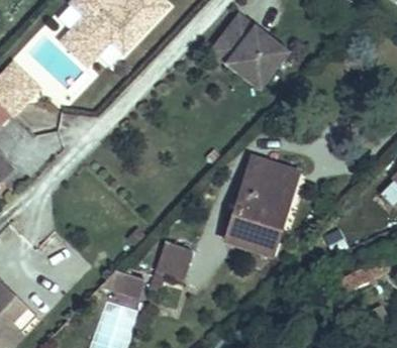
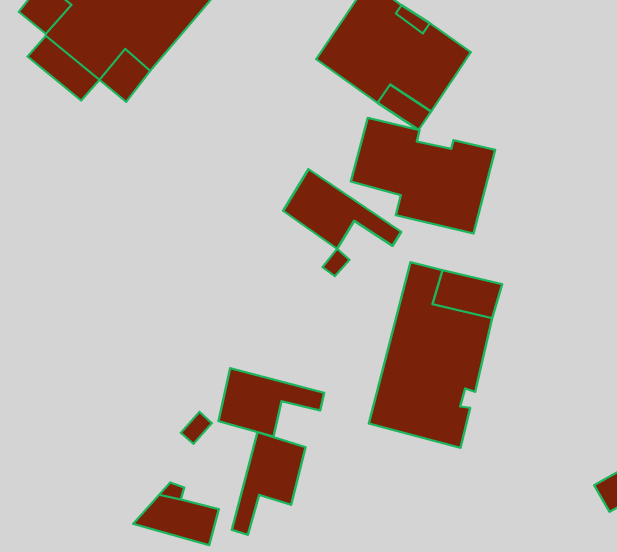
building: none -> [351,118,495,234]
building: none -> [283,169,401,249]
building: none -> [218,368,324,437]

